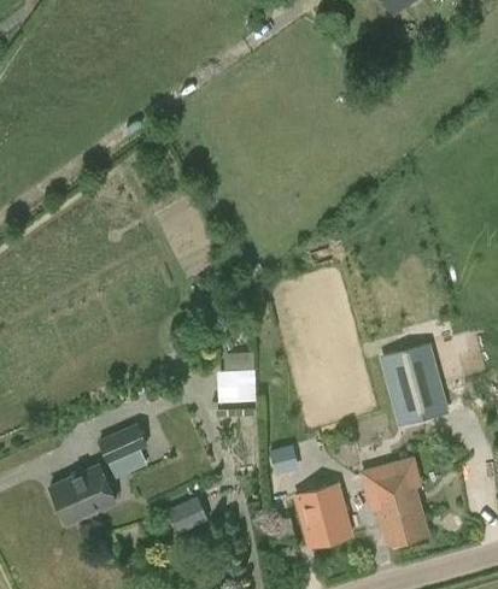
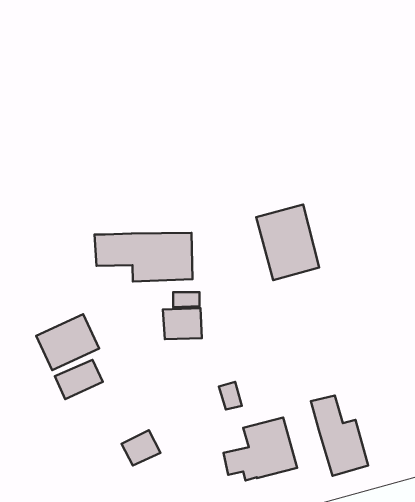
building: none -> [94,233,192,281]
building: [382,346,449,425] -> [256,204,319,280]
building: [48,465,115,524] -> [36,314,99,370]

